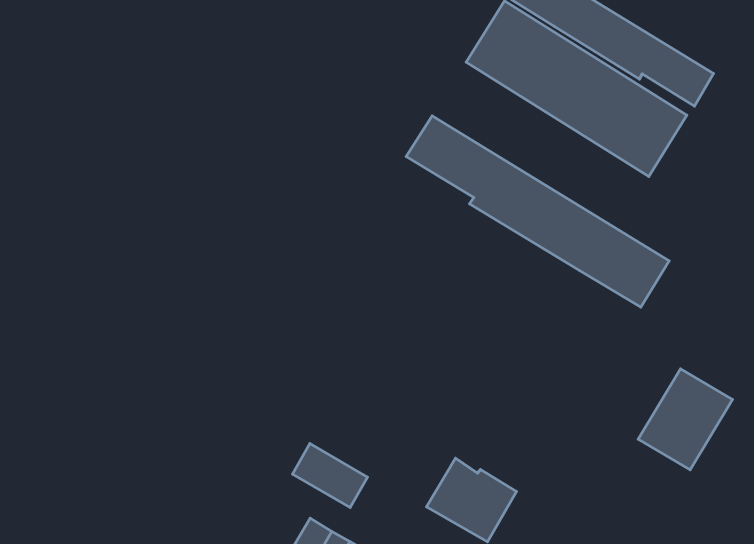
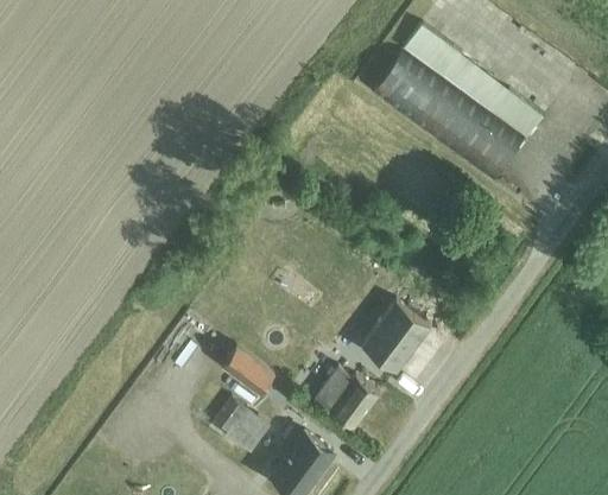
building: [406,116,669,307] -> none
building: [638,369,733,470] -> [360,299,429,370]

